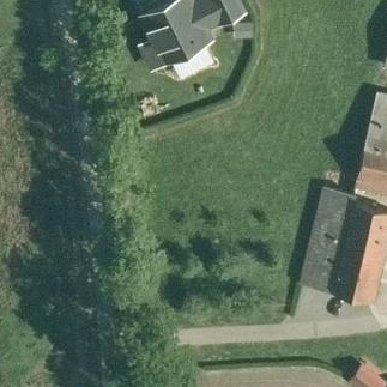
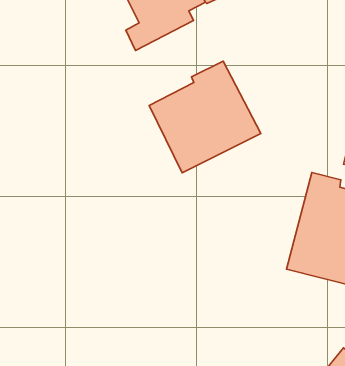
building: none -> [149,61,261,173]

